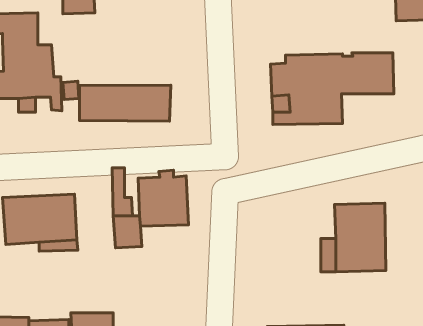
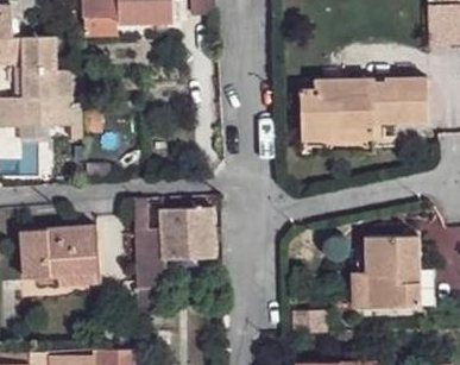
building: [80,85,171,121] -> none

